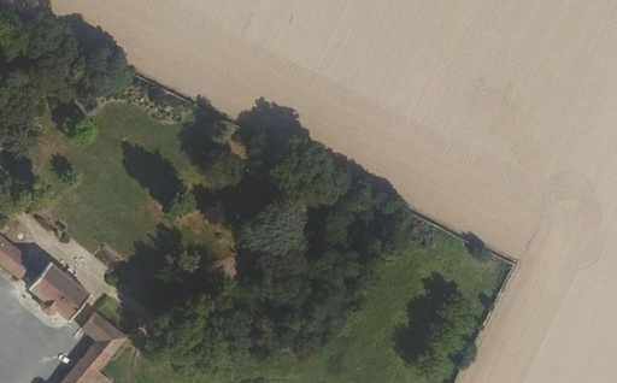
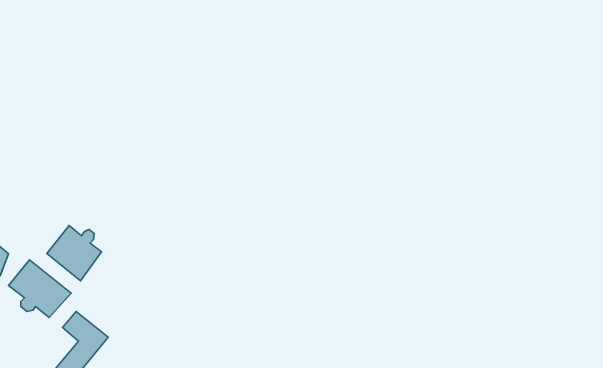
building: none -> [47,225,101,281]

